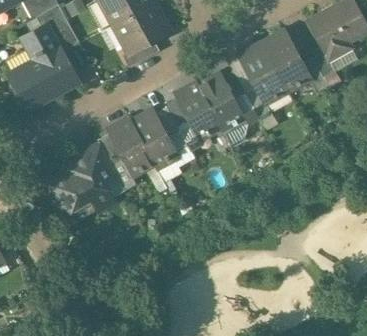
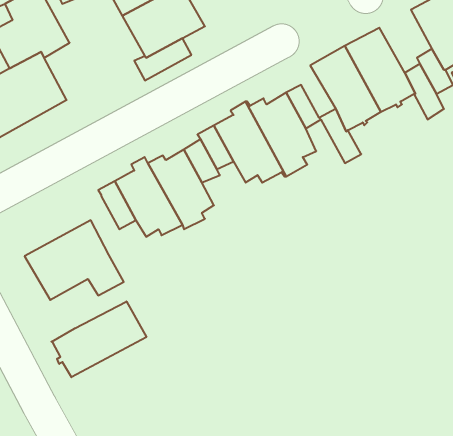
building: [73,143,116,183] -> none
building: none -> [51,301,146,377]

